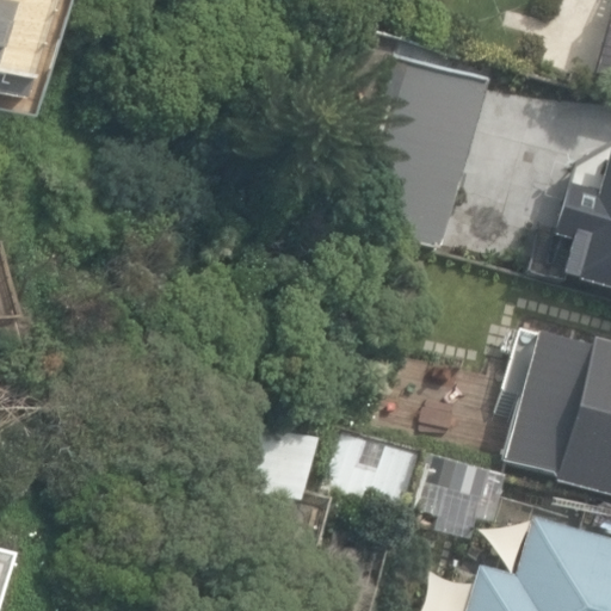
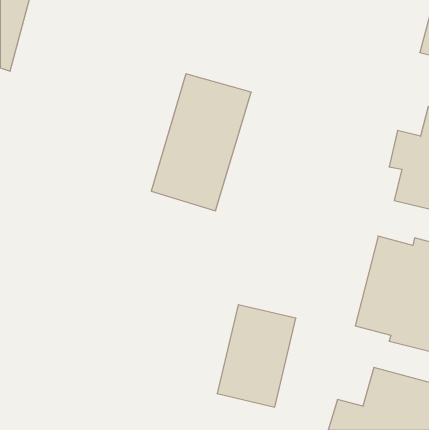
building: [351,53,492,246] -> [151,74,251,211]

